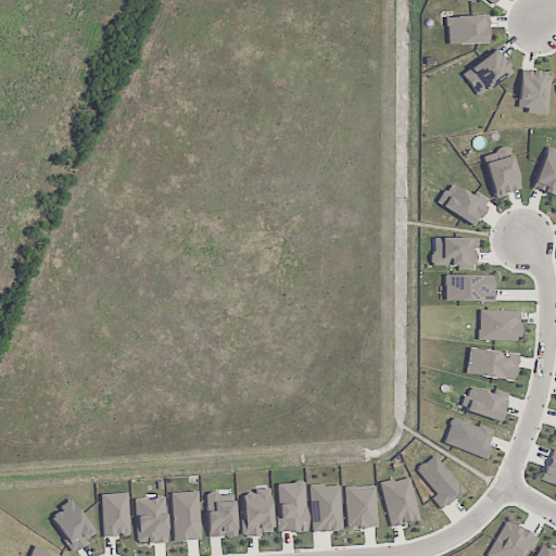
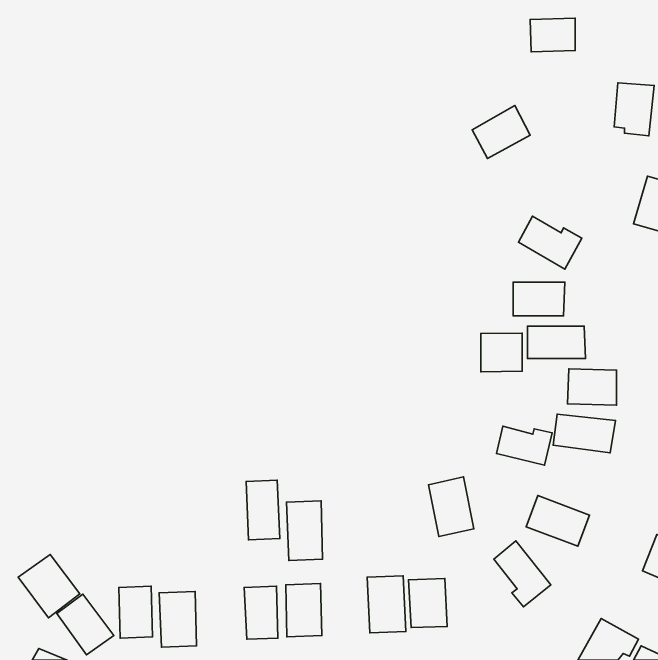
building: [463,50,511,94] -> [472,105,530,158]
building: [483,146,522,197] -> none
building: none -> [481,333,522,372]
building: [463,387,509,419] -> [497,426,552,465]
building: none -> [18,554,80,618]
building: [381,476,419,526] -> [428,477,474,536]
building: [277,481,307,531] -> [286,501,323,560]
building: [173,491,201,541] -> [246,480,280,540]

